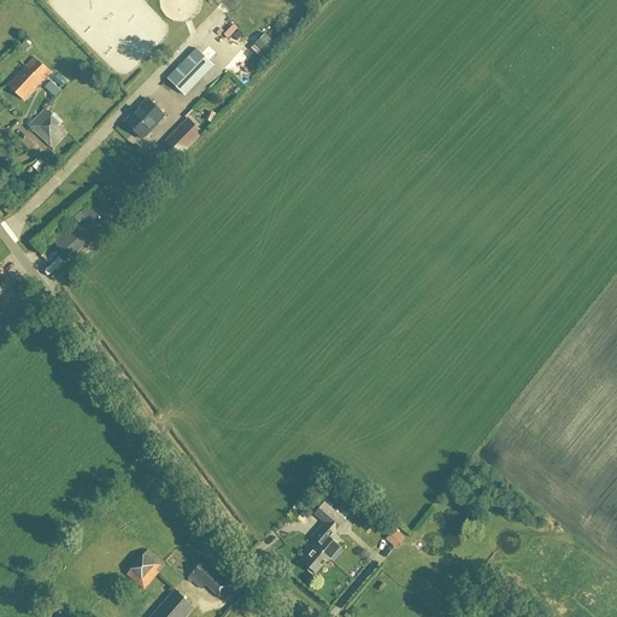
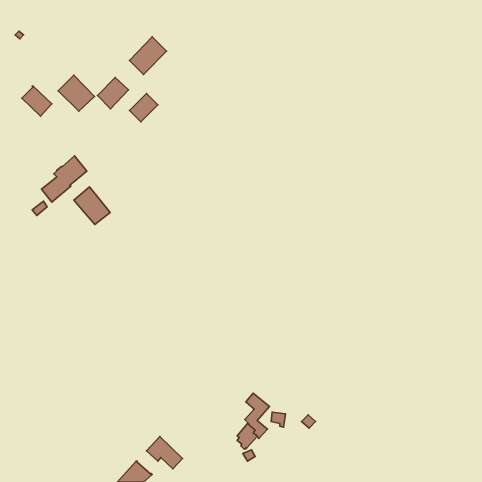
building: [6,57,49,100] -> none
building: none -> [58,75,94,111]
building: none -> [74,187,110,224]
building: [125,548,161,589] -> none

